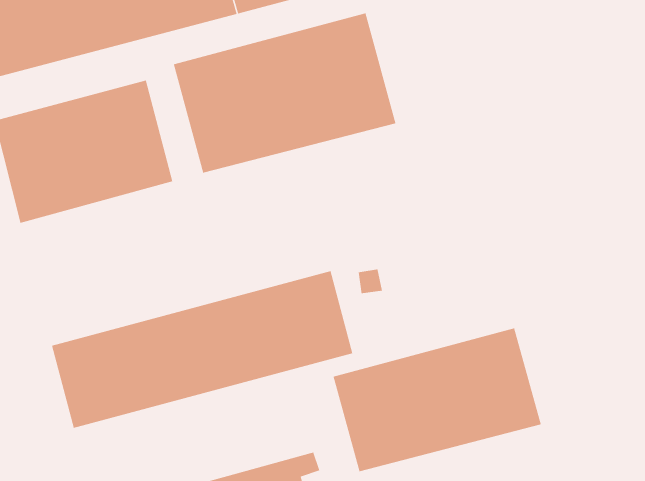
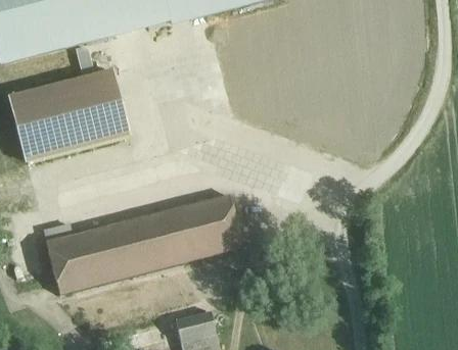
building: [173,13,396,174] -> none
building: [333,327,542,472] -> none

